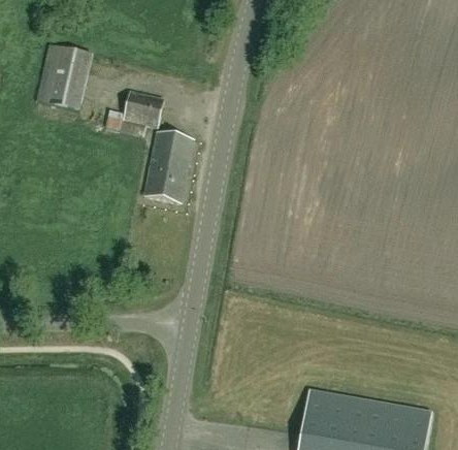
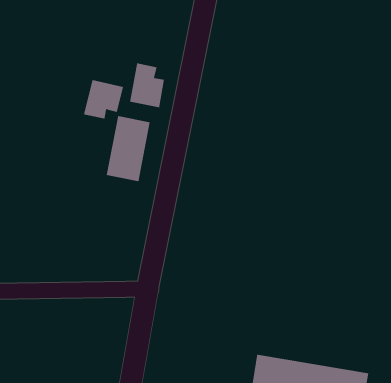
building: [42,45,92,109] -> none
building: none -> [129,62,165,108]

